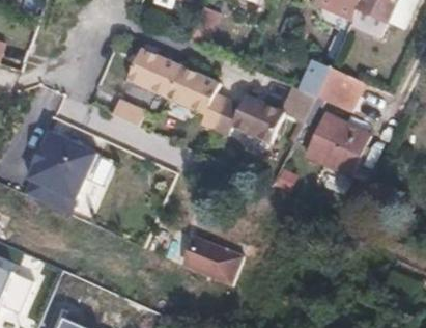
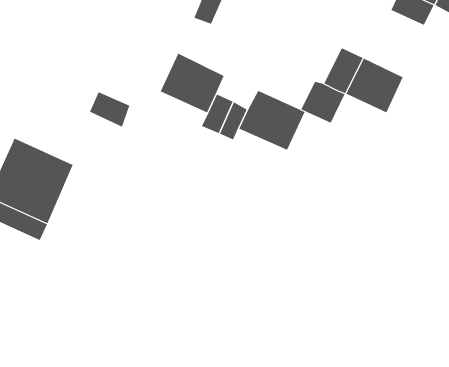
building: [127,44,180,92] -> none
building: [305,115,370,179] -> none
building: [187,240,239,283] -> none

